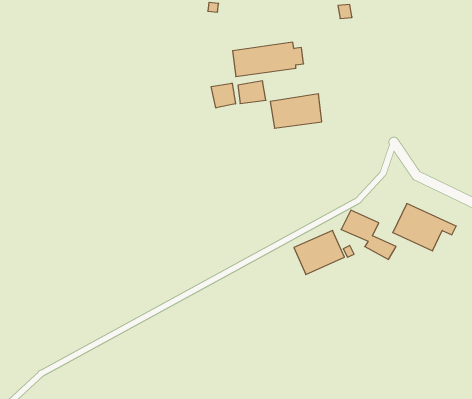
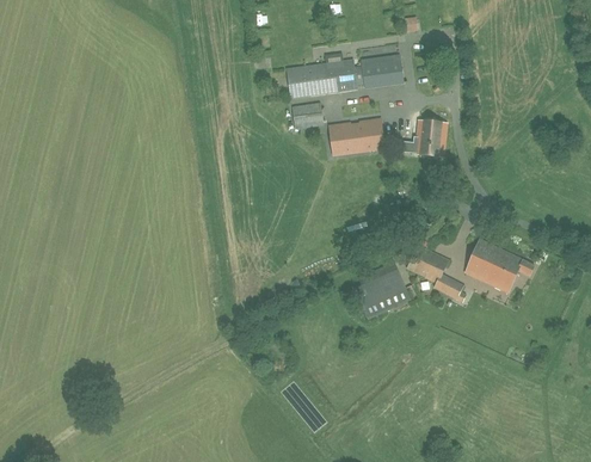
building: none -> [361,58,402,86]
building: [211,83,235,108] -> none
building: none -> [411,119,447,155]

